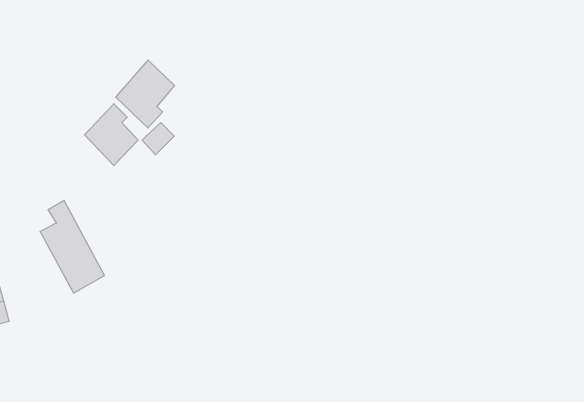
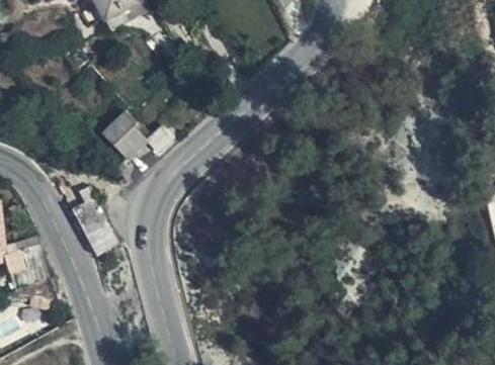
building: [116,60,175,128] -> none

